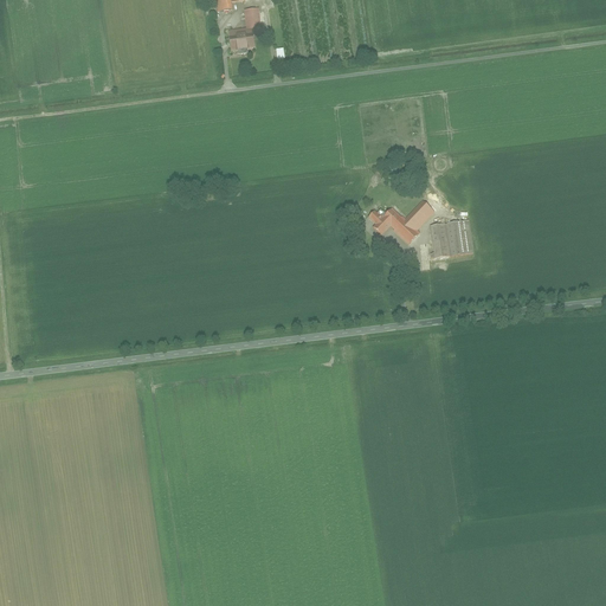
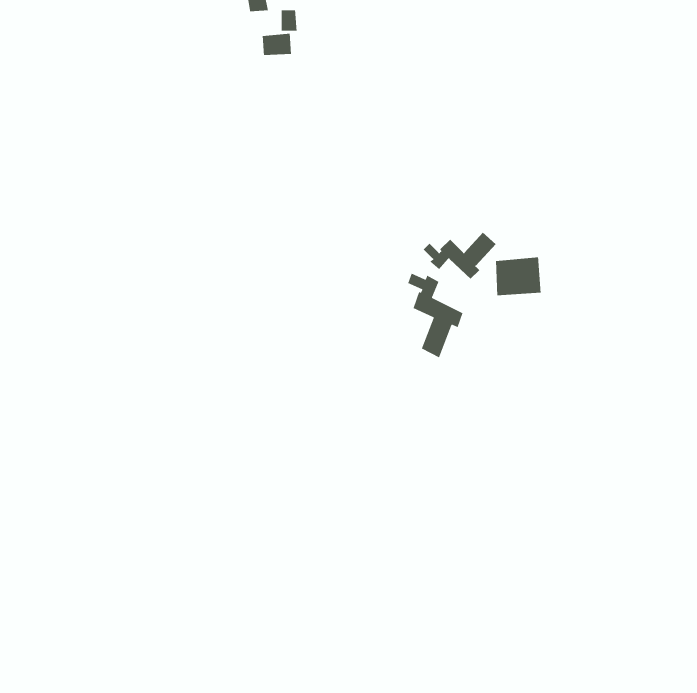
building: none -> [407,272,464,359]

